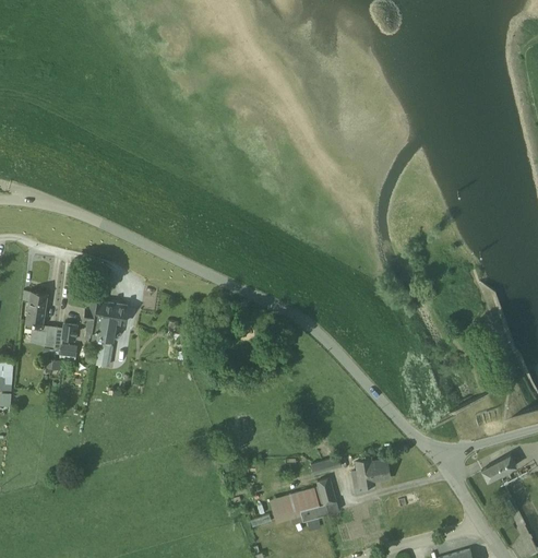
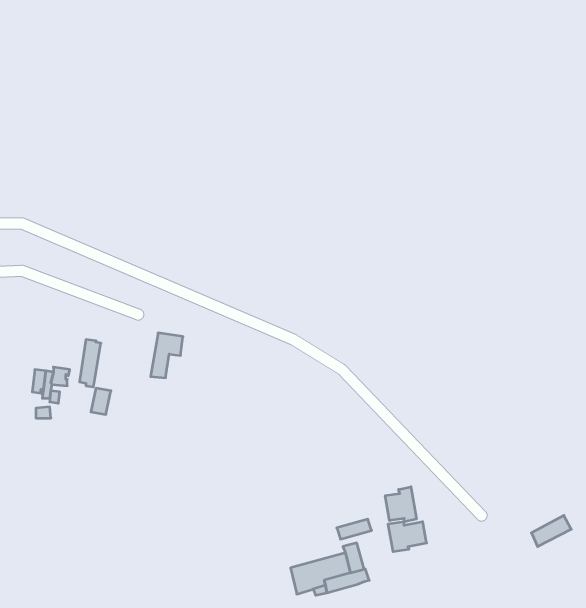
building: [25,292,48,331] -> none
building: [98,304,127,343] -> [151,333,183,378]
building: none -> [385,487,416,522]

